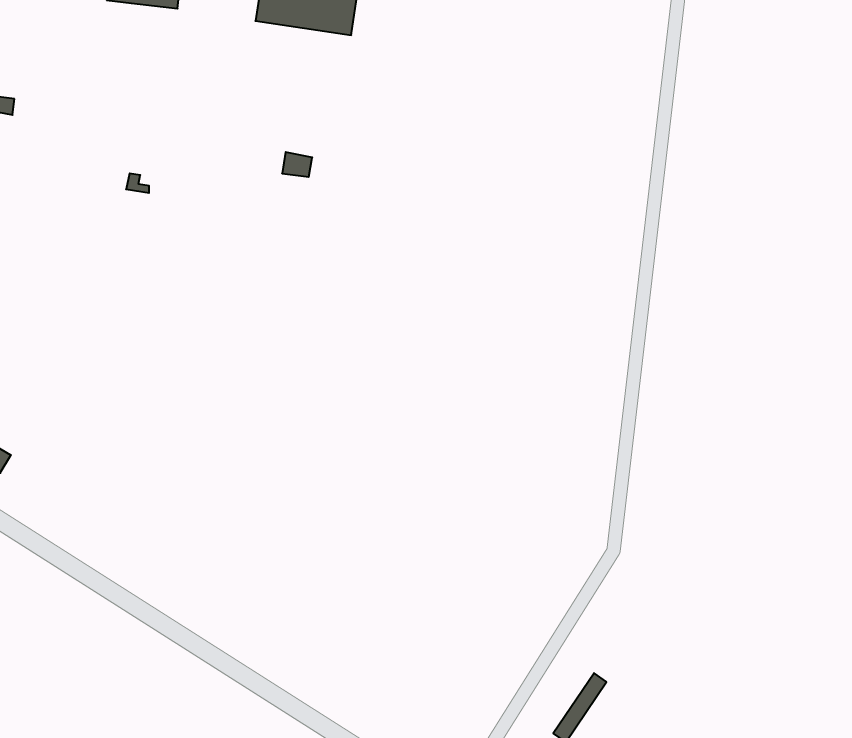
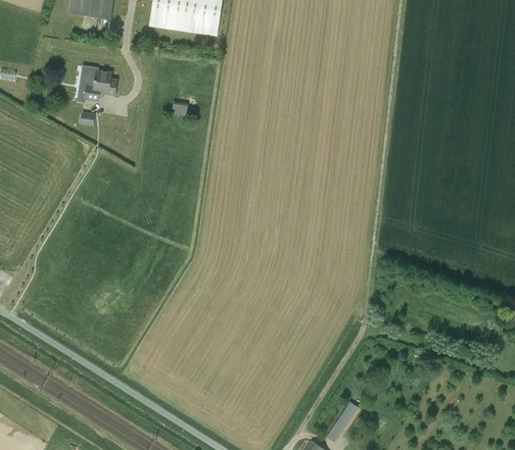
building: none -> [84,65,115,100]

